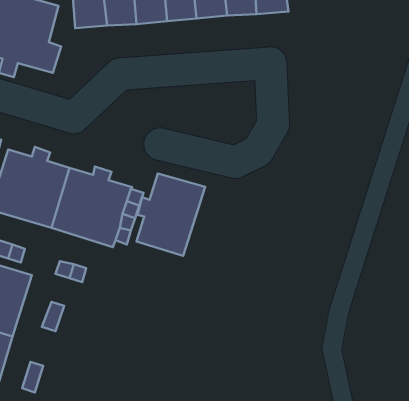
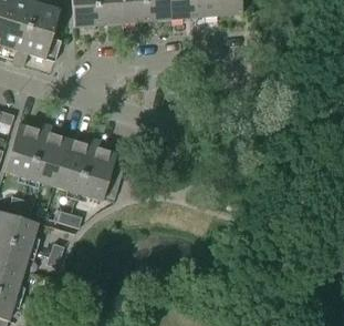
building: [136,174,205,256] -> none

